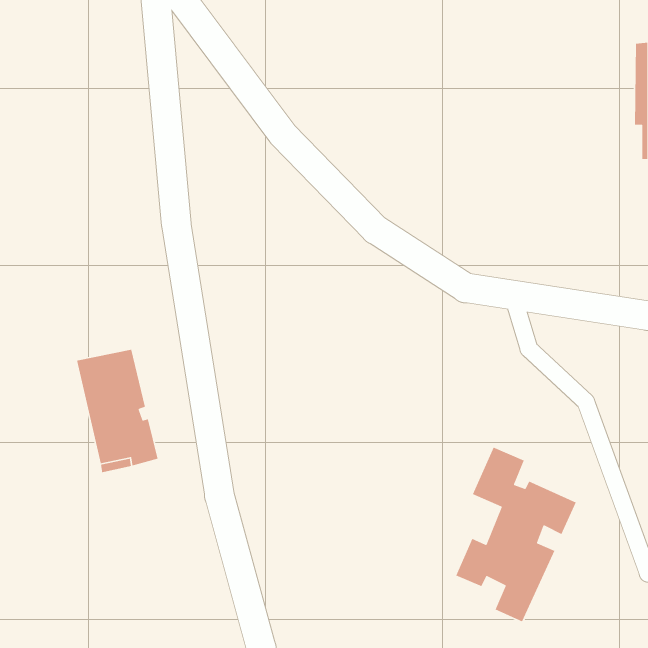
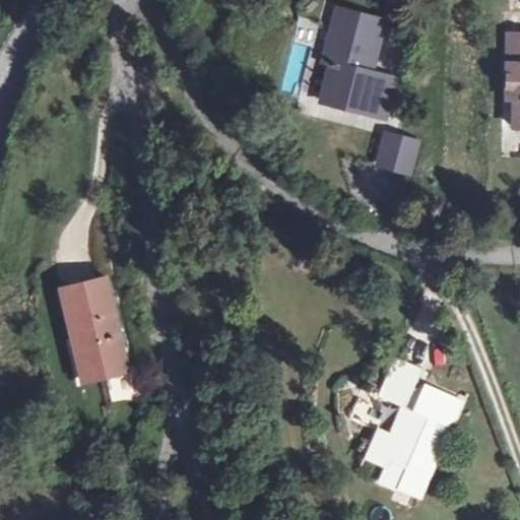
building: none -> [324,13,391,118]
building: none -> [374,131,419,175]

